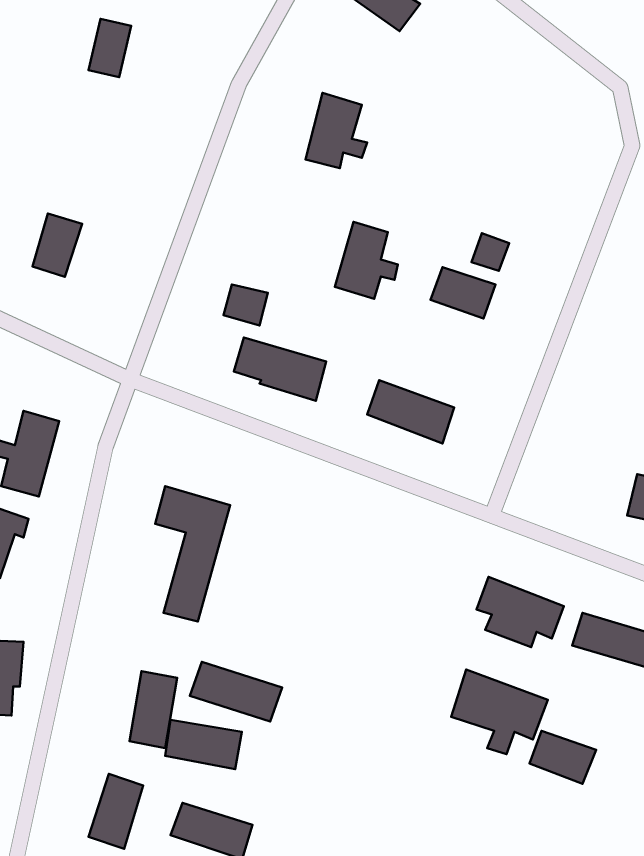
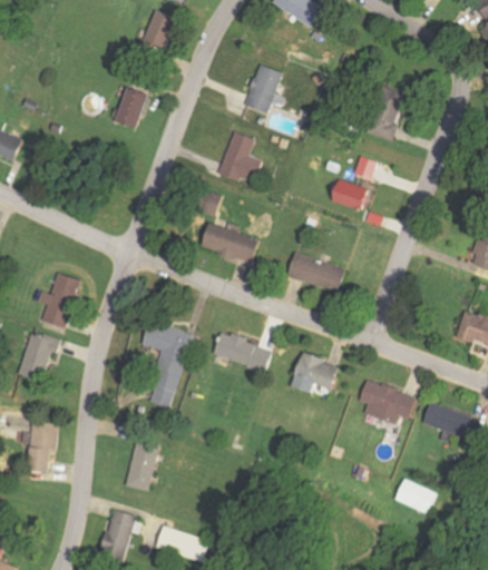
building: [89,19,131,77] -> [140,11,168,49]
building: none -> [365,85,401,139]
building: [32,214,82,277] -> [111,87,144,128]
building: [335,222,398,299] -> [218,131,260,181]
building: none -> [286,354,333,393]
building: [190,662,282,722] -> [211,332,271,371]
building: [451,670,548,754] -> none
building: [165,720,242,769] -> none

